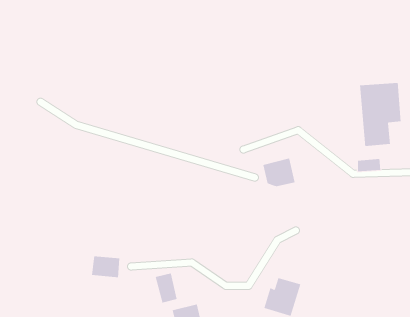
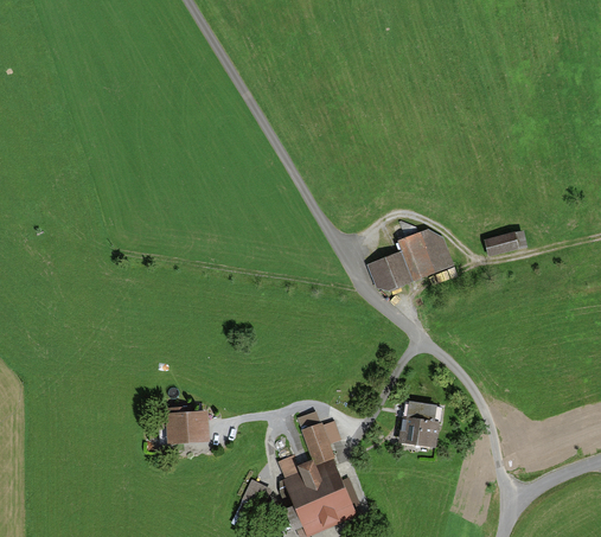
building: [360,82,401,147] -> none
building: none -> [397,229,452,280]
building: [155,273,177,303] -> [305,421,338,461]

